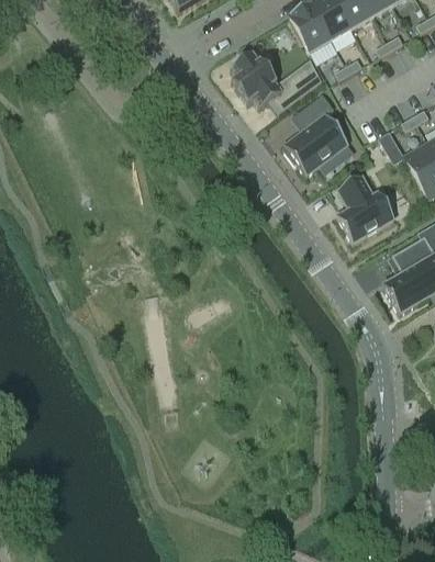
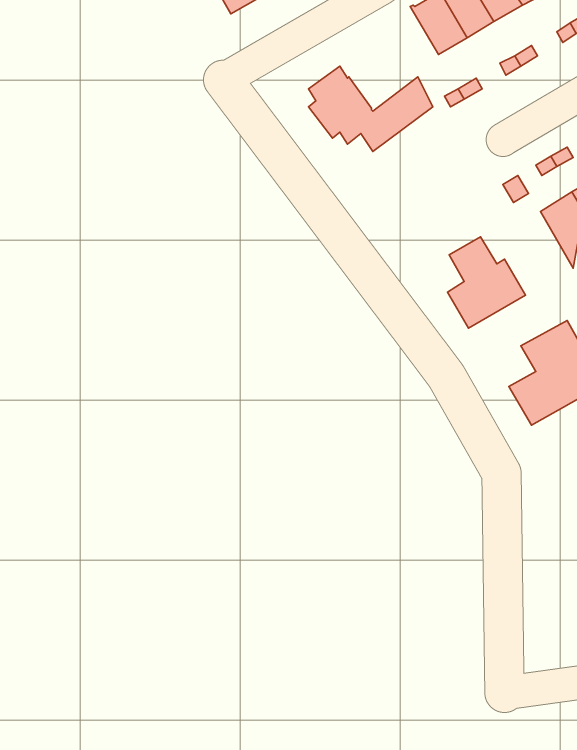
building: [290,5,331,53] -> none
building: [283,94,349,175] -> none

